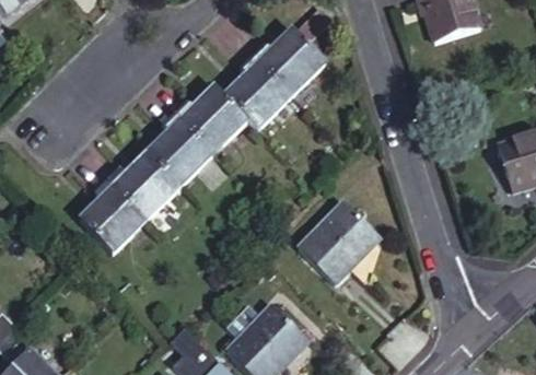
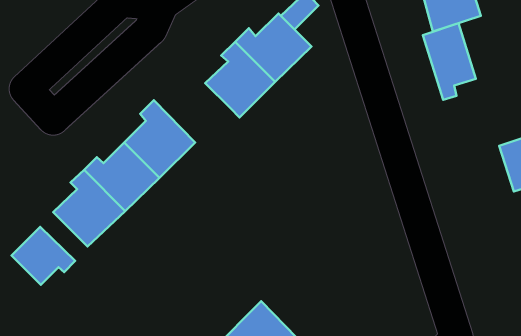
building: none -> [423,23,476,100]
building: [174,85,247,152] -> none
building: [299,201,380,282] -> none
building: none -> [12,227,75,285]

